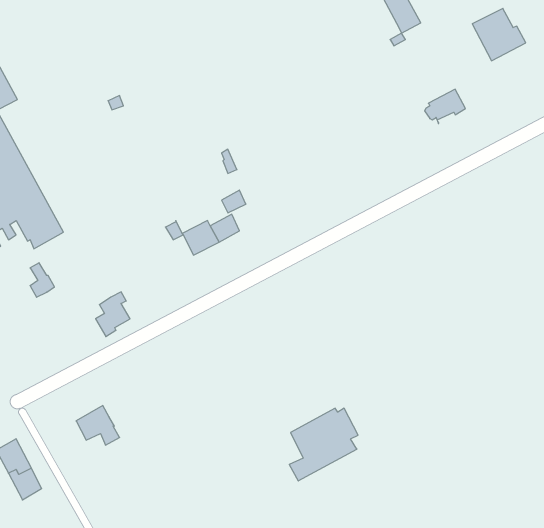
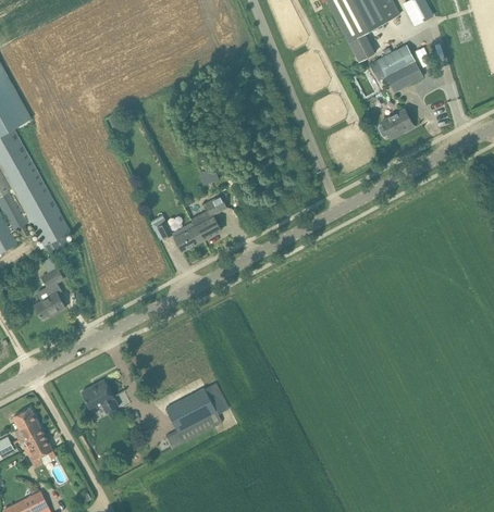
building: [472,8,526,61] -> [376,46,422,90]
building: [96,292,130,337] -> [34,282,63,320]
building: [289,408,358,481] -> [164,387,223,449]

